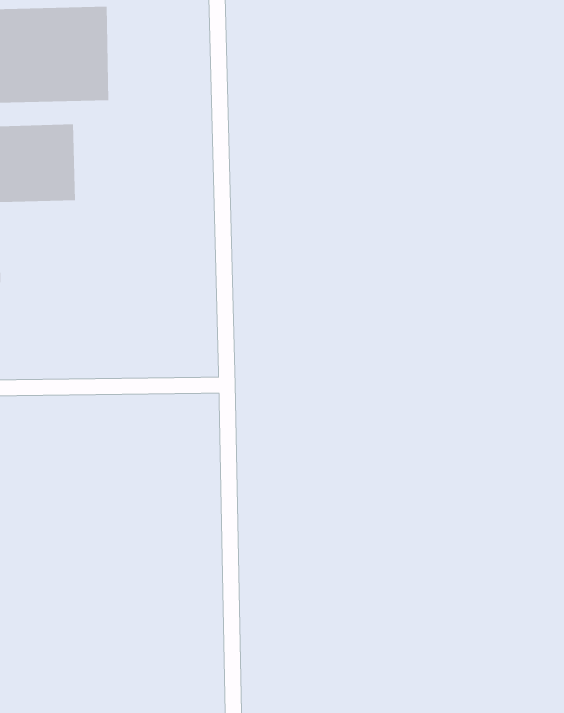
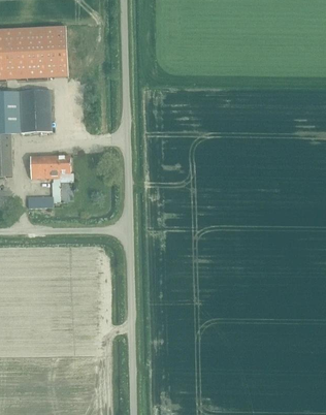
building: none -> [28,154,74,205]

